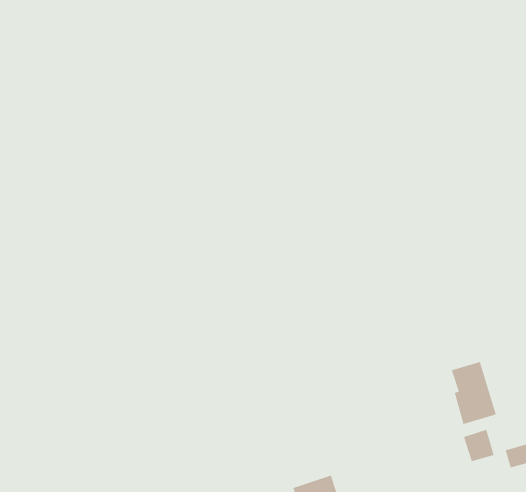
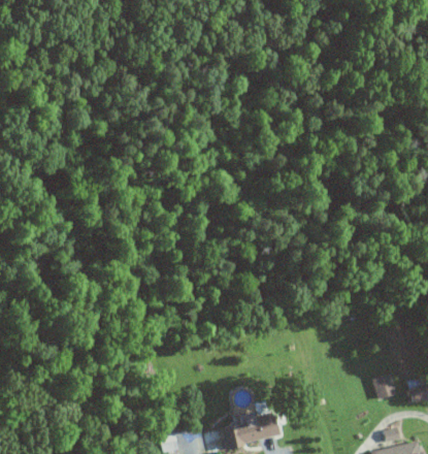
building: [451,361,496,425] -> none

